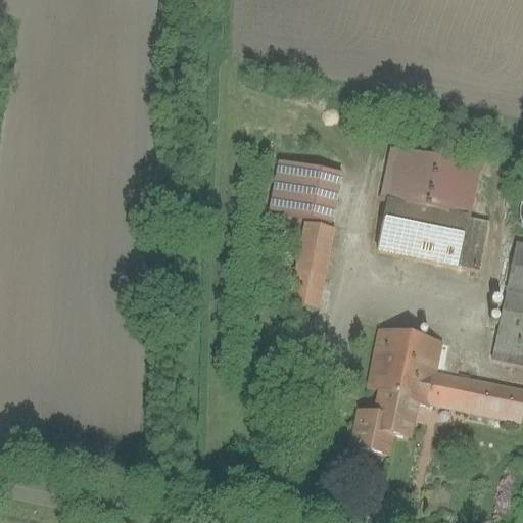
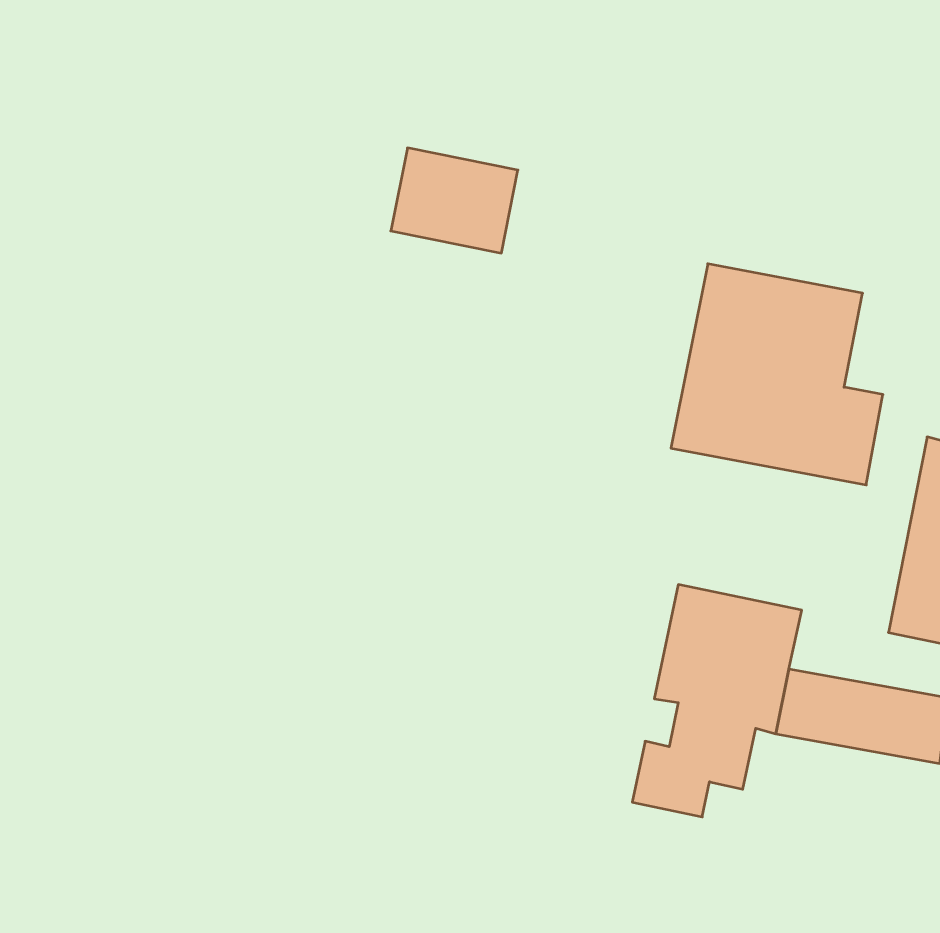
building: [272,159,342,218] -> [391,148,518,253]
building: [287,221,336,304] -> none

